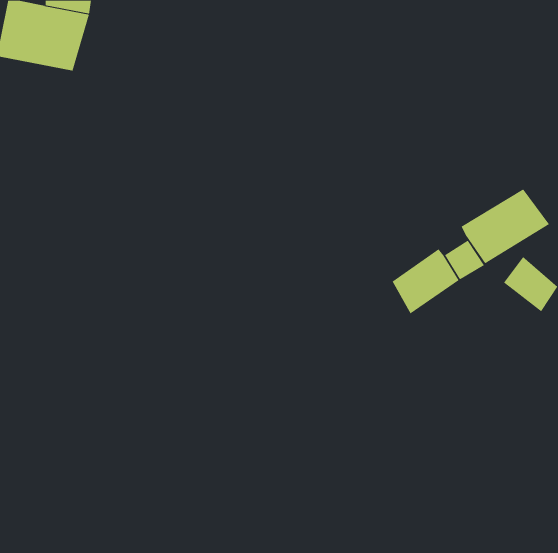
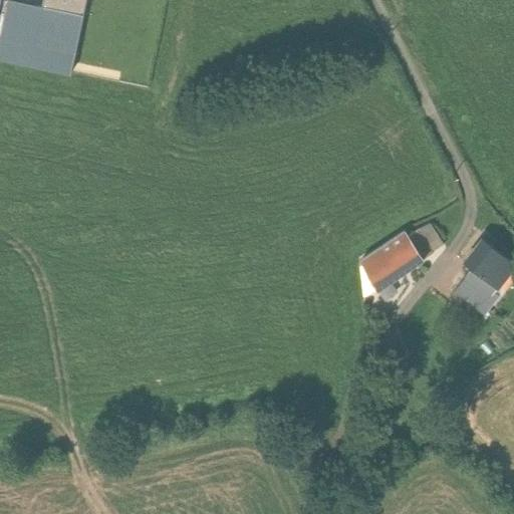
building: [461,189,550,264] -> none
building: none -> [454,272,497,314]

